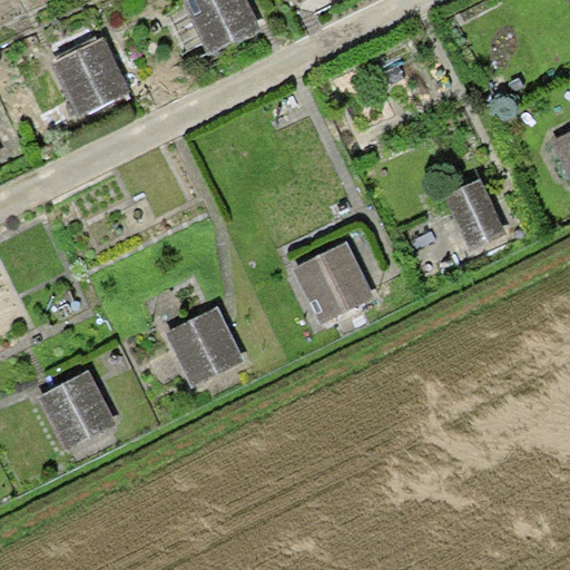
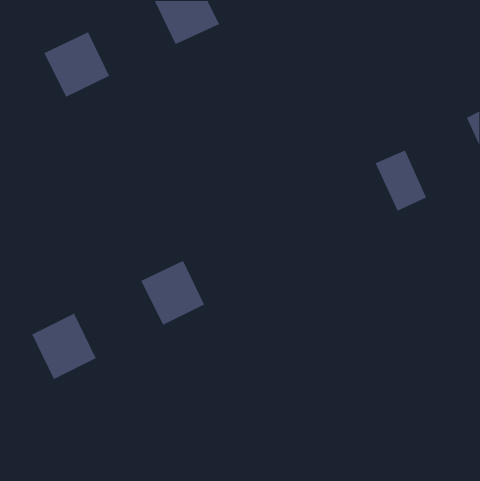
building: [293,242,374,324] -> none

